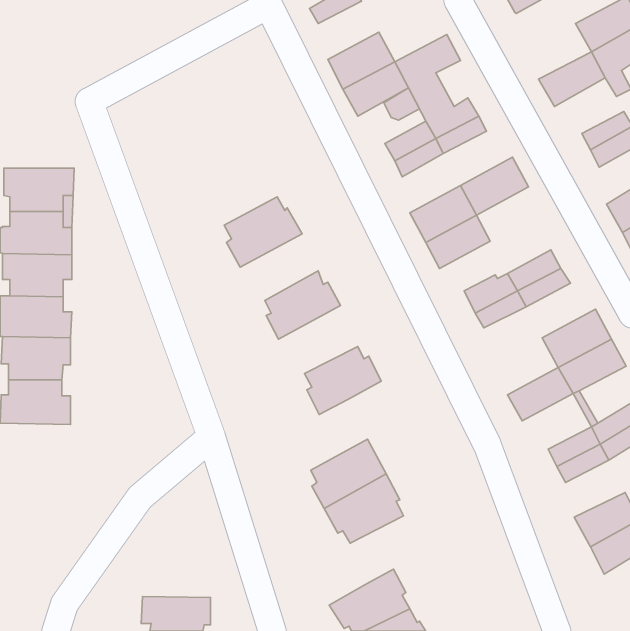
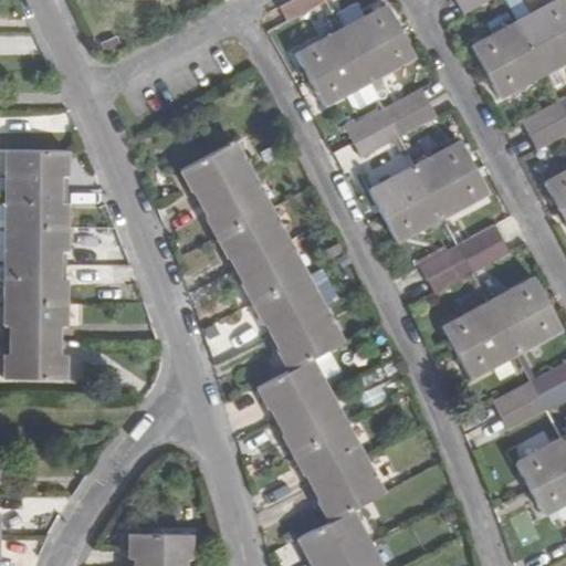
building: none -> [340,4,401,55]
building: none -> [470,21,531,71]
building: none -> [179,139,250,201]
building: none -> [428,167,488,216]
building: none -> [217,209,286,269]
building: none -> [251,273,322,334]
building: none -> [442,302,501,353]
building: none -> [255,357,331,420]
building: none -> [315,461,385,522]

